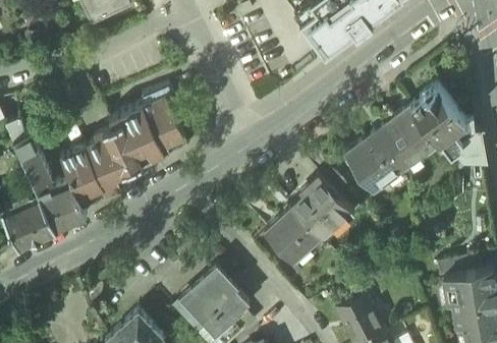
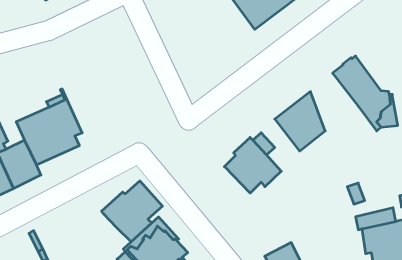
building: [111,87,188,170] -> none
building: [387,104,440,168] -> none
building: [265,208,320,263] -> none
building: none -> [102,181,162,242]

